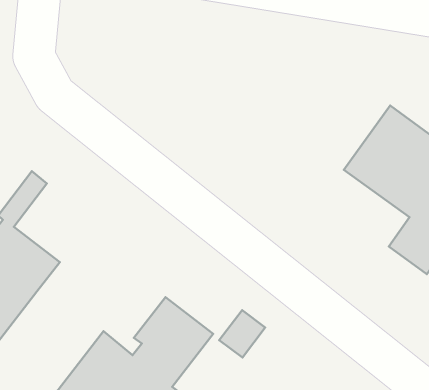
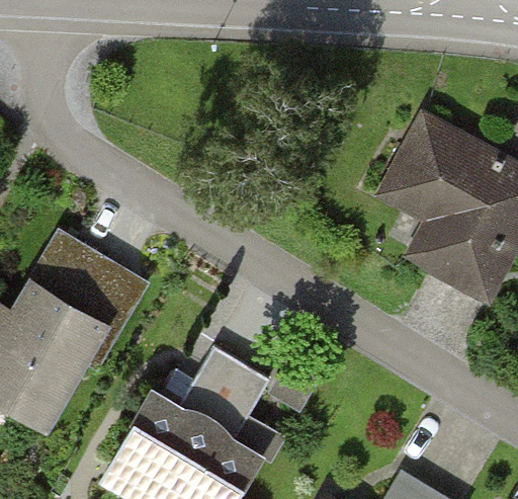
building: none -> [47,244,145,367]

